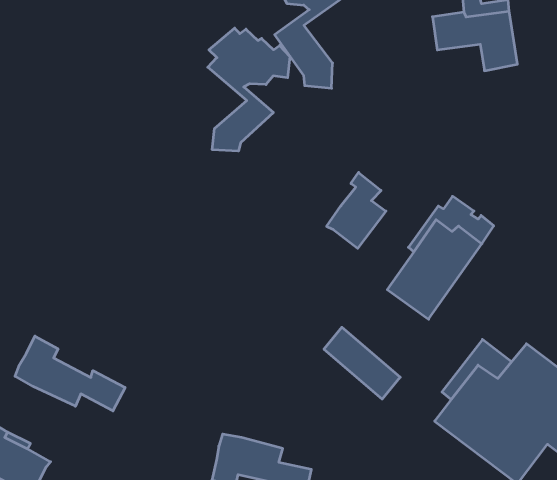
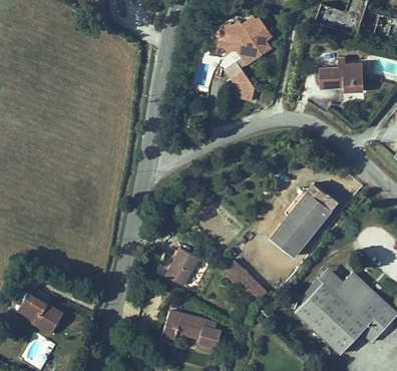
building: [208,28,290,151] -> none
building: [327,172,386,248] -> none
building: [15,336,125,411] -> none
building: none -> [158,252,191,289]

